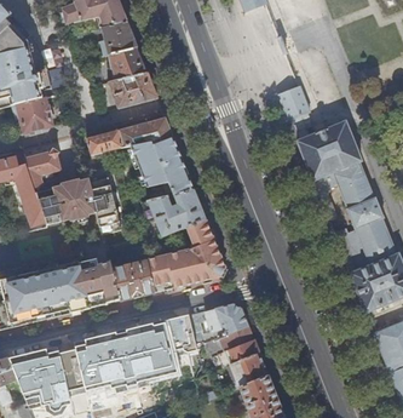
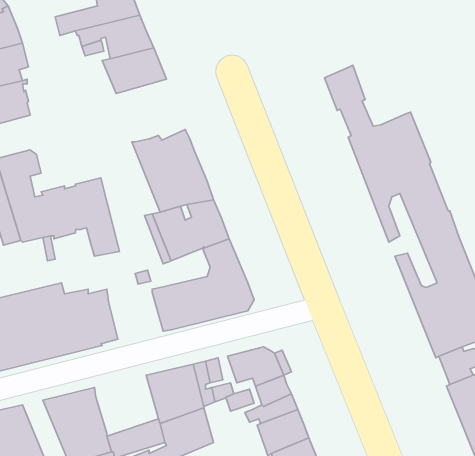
building: [87,116,172,154] -> none
building: [113,260,155,299] -> none
building: [103,334,136,370] -> none

